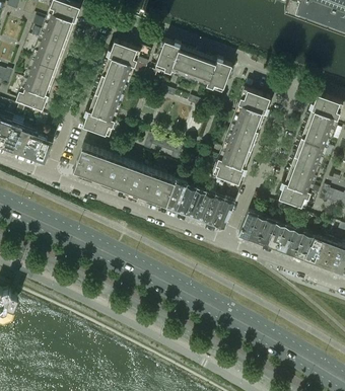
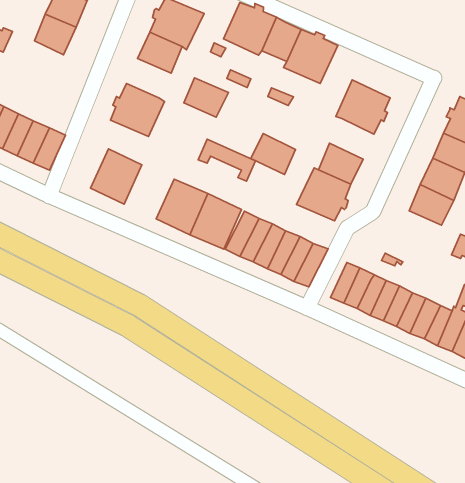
building: [16,75,50,108] -> none
building: [92,83,122,108] -> [184,78,228,117]
building: [231,113,261,140] -> [251,134,295,174]
building: [96,154,129,189] -> none
building: [279,172,315,207] -> none

